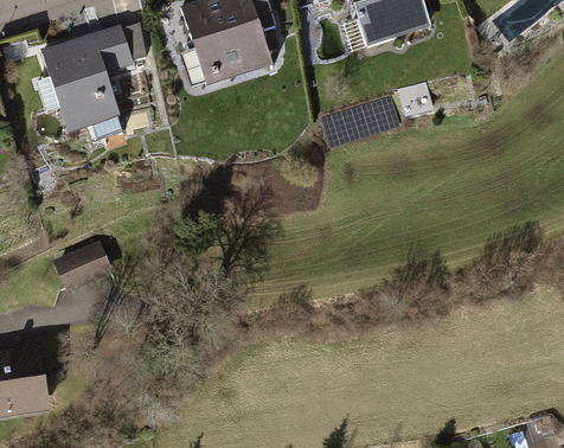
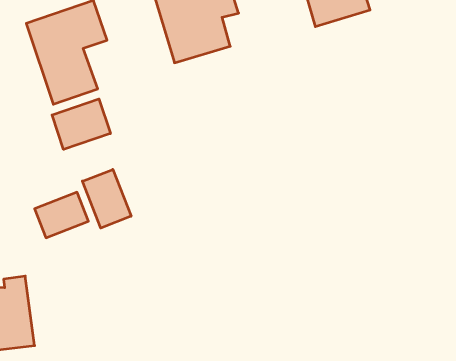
building: none -> [52,99,110,149]
building: none -> [82,169,131,228]

